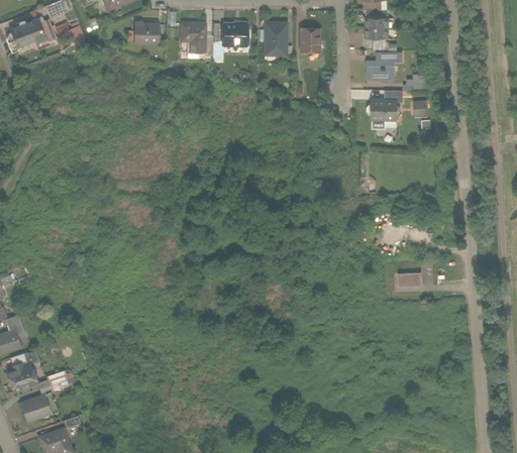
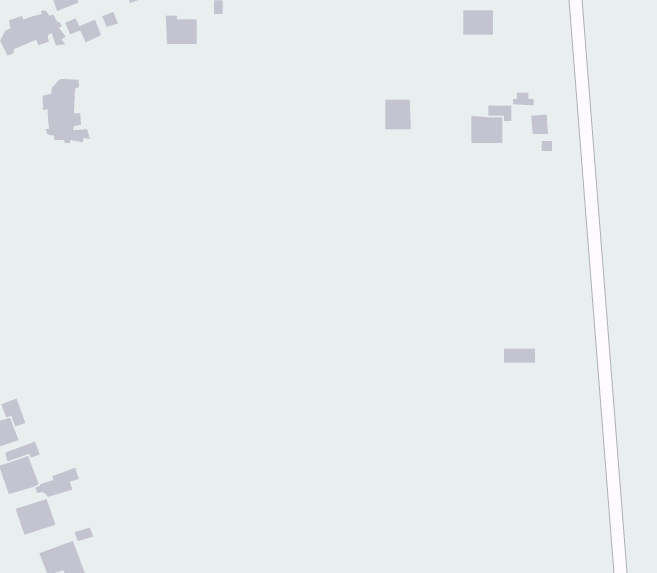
building: [220,20,248,46] -> none
building: [264,20,288,54] -> none
building: [180,22,206,51] -> none
building: [300,27,321,51] -> [384,99,412,130]
building: [366,52,401,80] -> none
building: none -> [42,78,91,144]

